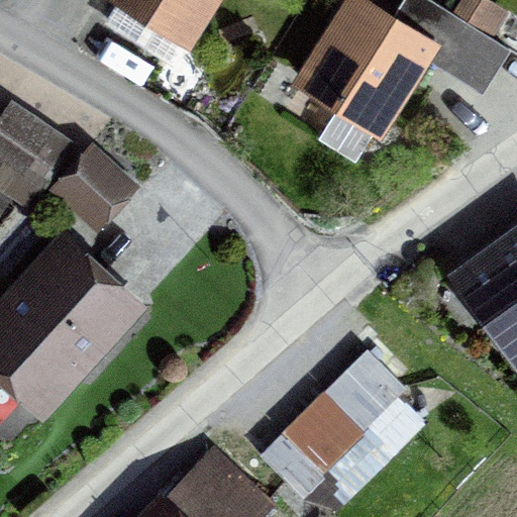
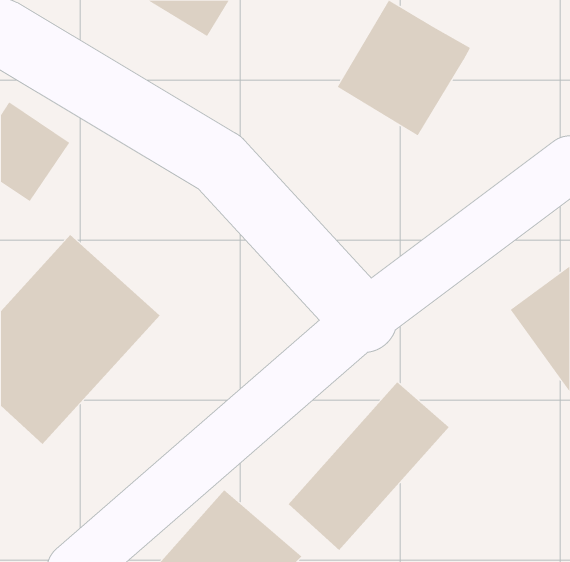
building: [393,13,510,100] -> none
building: [53,148,136,231] -> none

